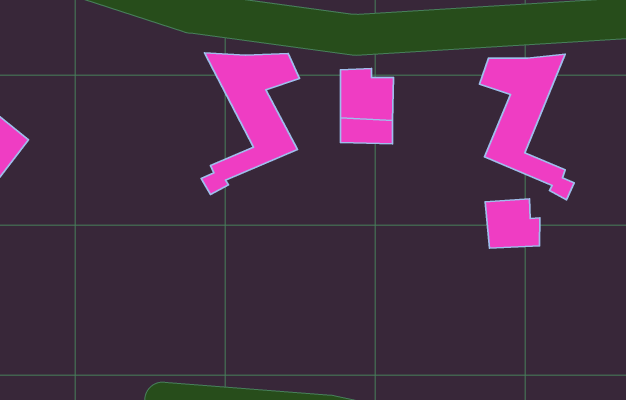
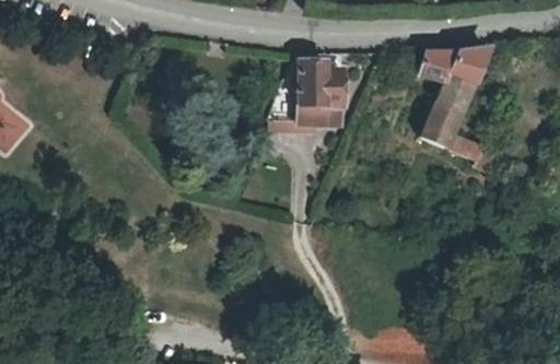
building: [201,53,299,195] -> none
building: [485,199,540,248] -> none

